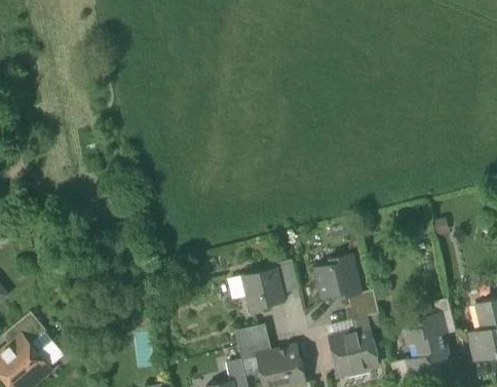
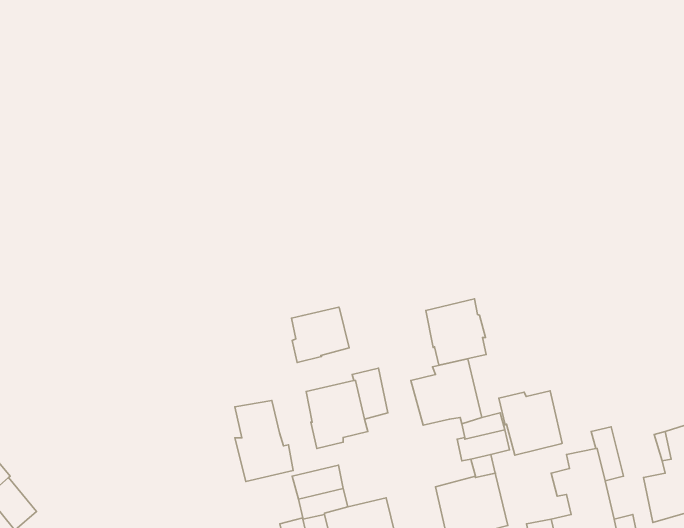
building: none -> [426,299,486,365]
building: none -> [291,307,349,362]
building: none -> [499,391,562,455]
building: none -> [235,400,293,482]

